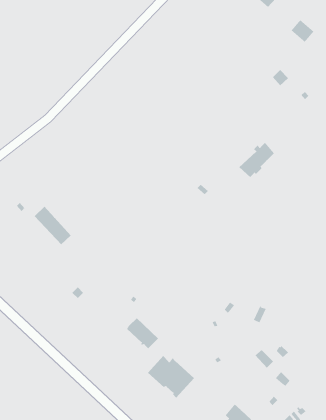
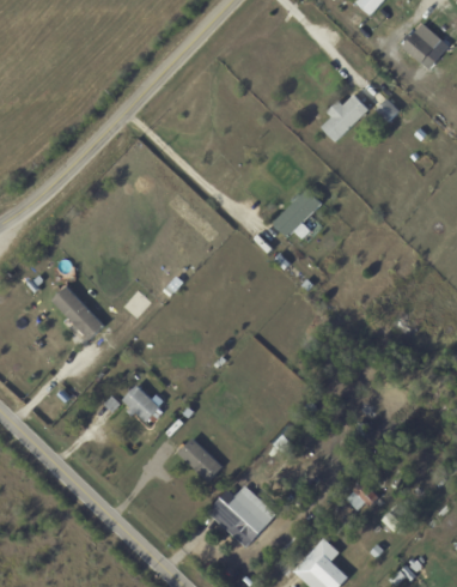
building: none -> [321,95,368,141]
building: [239,142,275,178] -> [272,188,321,237]
building: none -> [122,383,159,420]

